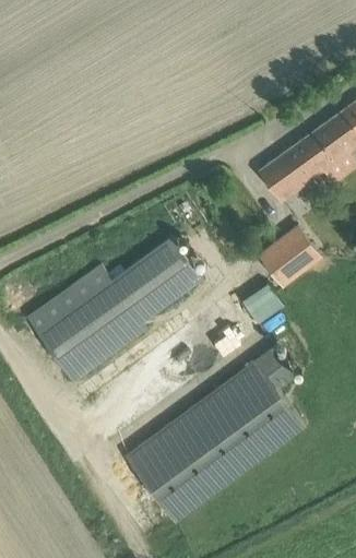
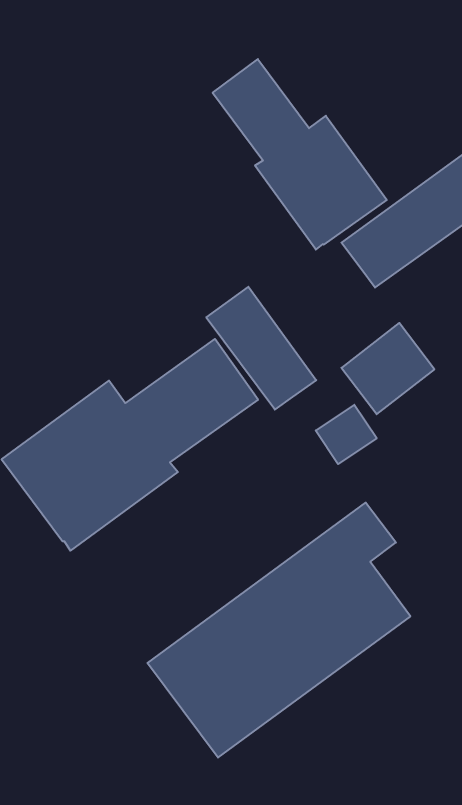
building: none -> [213,59,387,250]
building: none -> [206,287,316,410]

